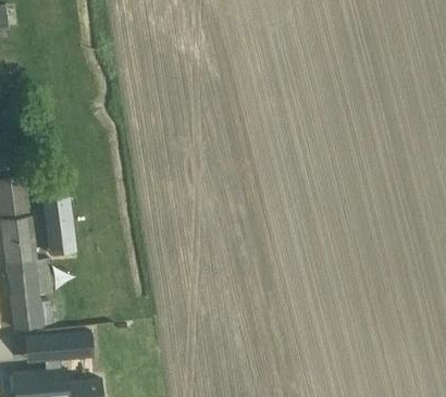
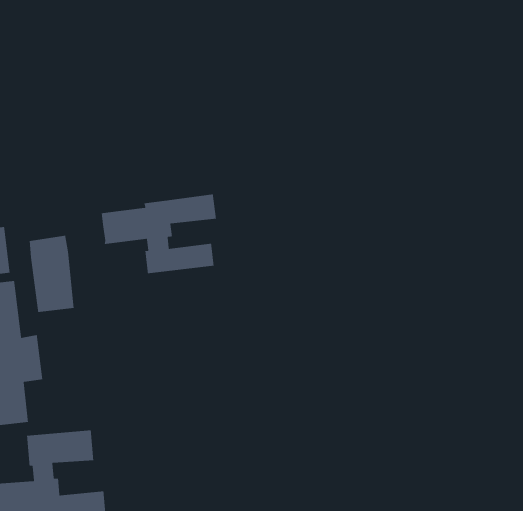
building: none -> [101,194,217,274]

